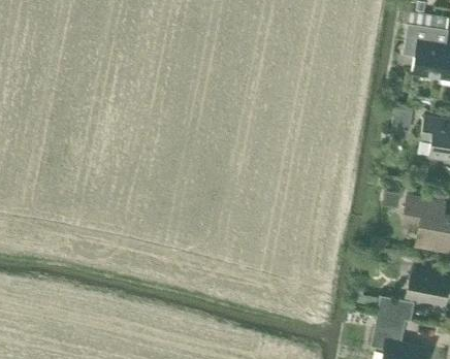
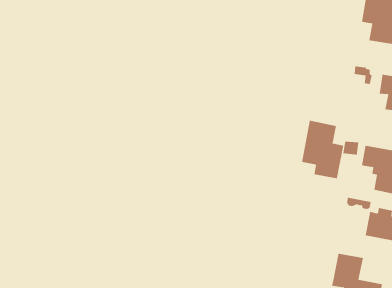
building: none -> [302,120,344,179]
building: [378,296,415,321] -> none

